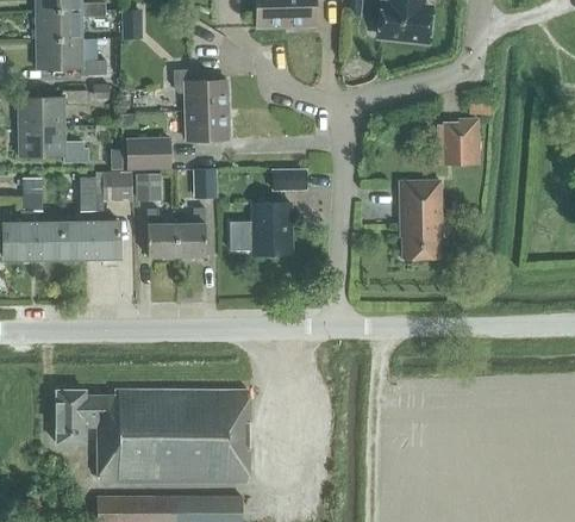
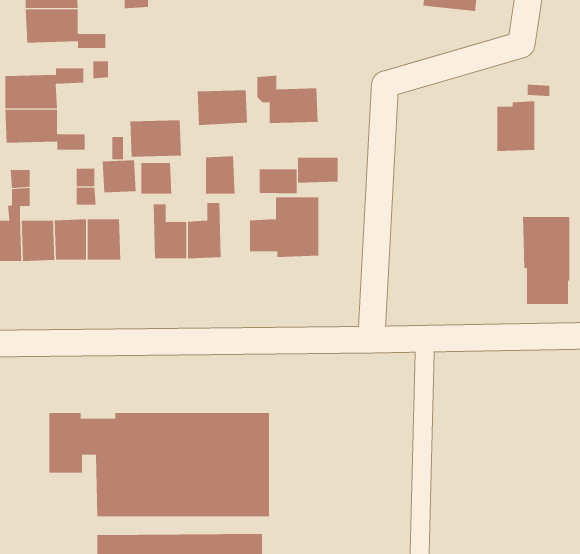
building: [174,69,227,111] -> [257,75,318,123]
building: none -> [259,168,297,194]
building: [399,181,440,257] -> [522,216,570,304]

